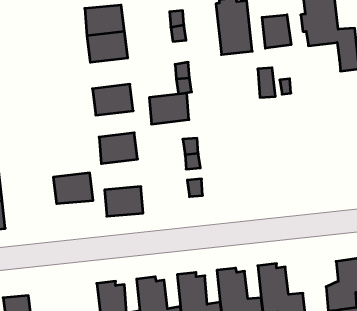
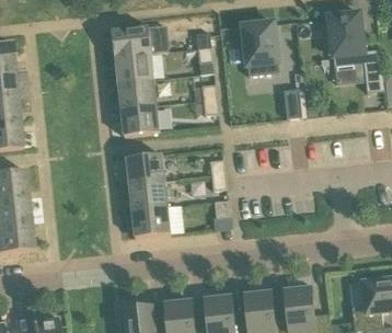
building: [262,15,291,48] -> none
building: [149,93,189,124] -> [117,79,157,110]
building: [53,173,93,204] -> [128,180,168,210]

